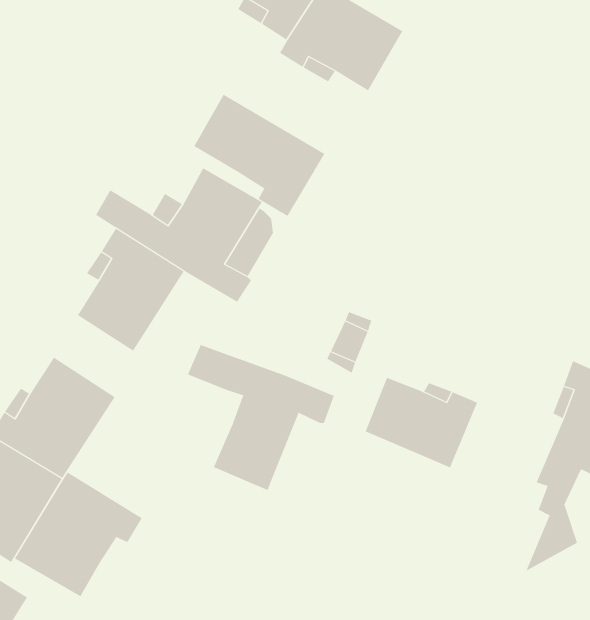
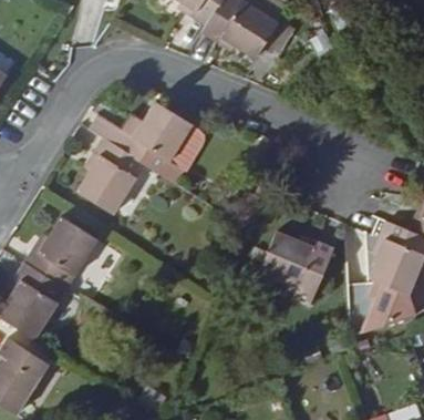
building: [193,94,325,217] -> none
building: [187,344,335,491] -> none
building: [14,471,143,597] -> none

